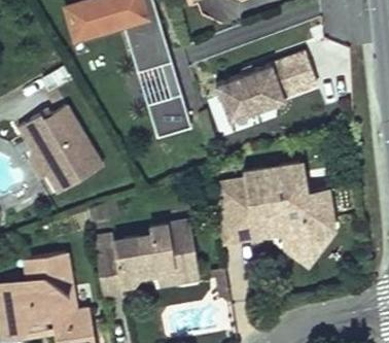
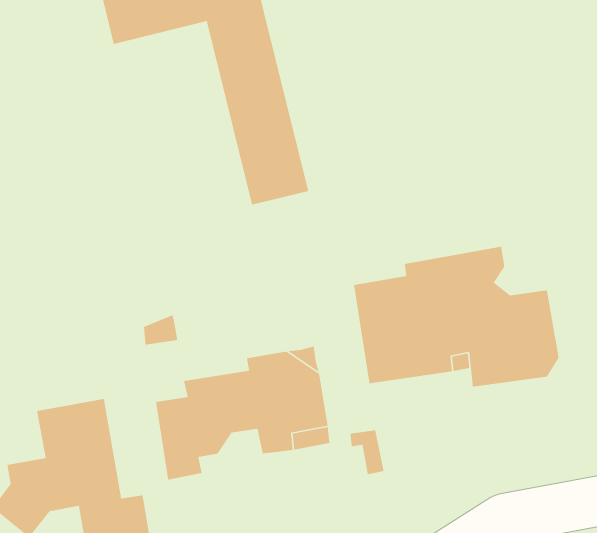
building: [216,50,318,121] -> none
building: [17,103,102,196] -> none

